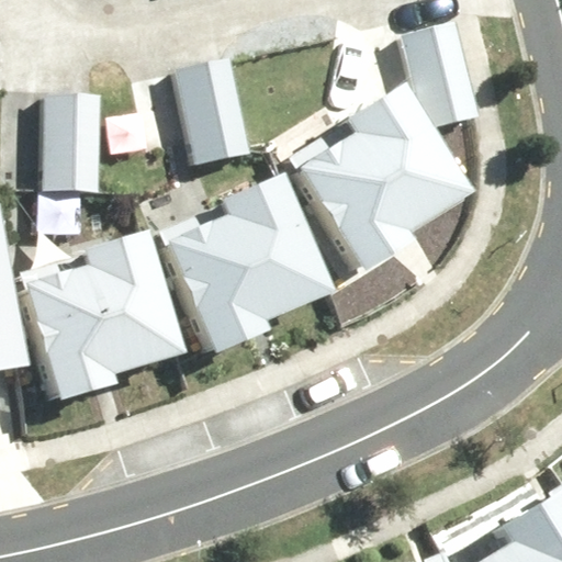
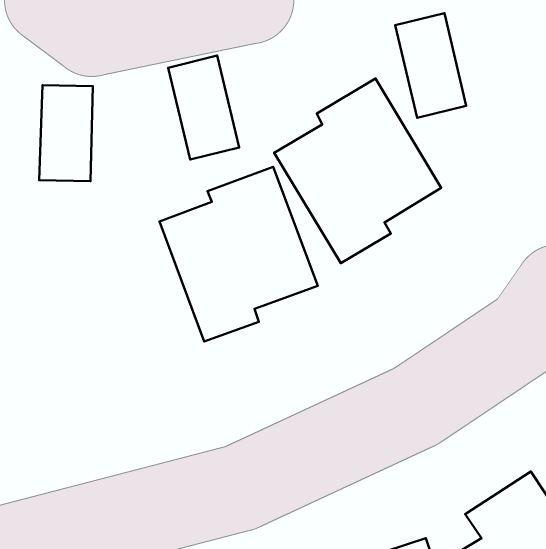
building: [22,227,172,395] -> none

